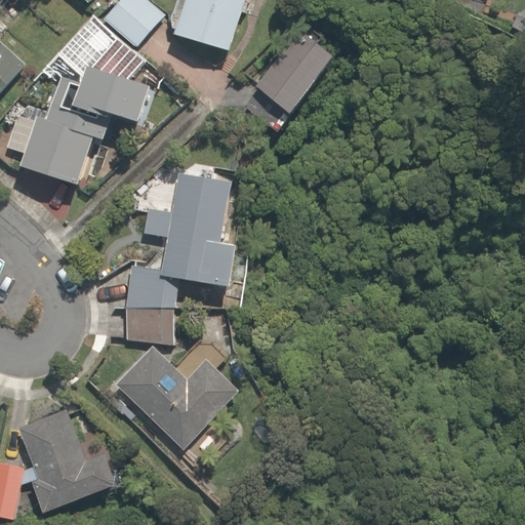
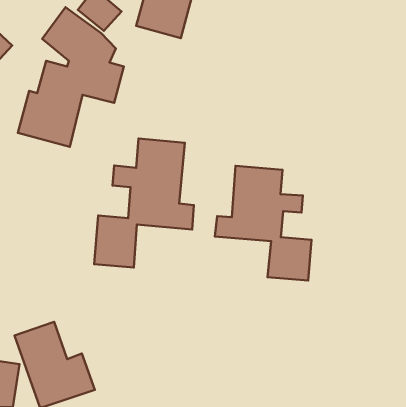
building: [253,30,337,118] -> none
building: none -> [215,166,311,281]
building: [112,340,238,446] -> none

